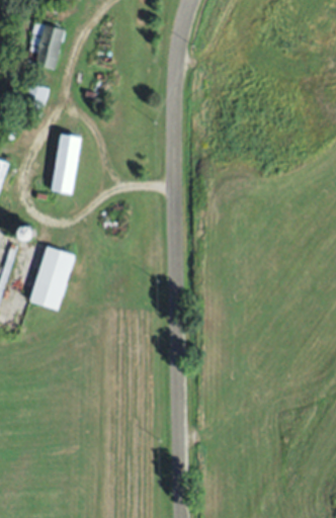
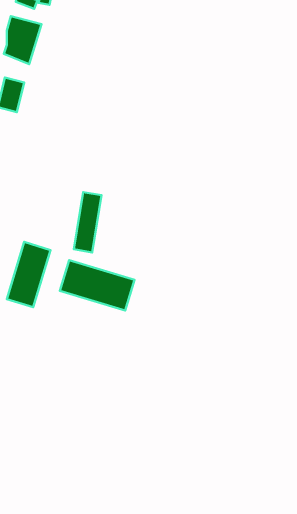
building: [54,135,81,194] -> [74,192,101,252]
building: none -> [60,260,134,311]

